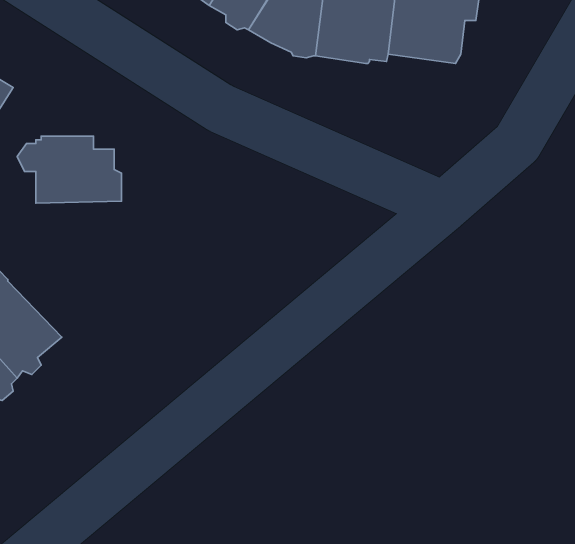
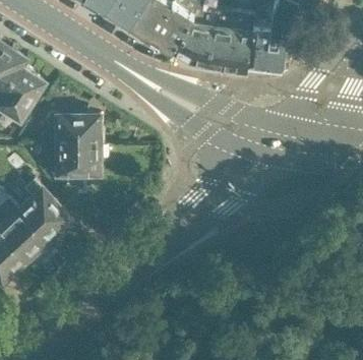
building: none -> [43,144,102,181]

